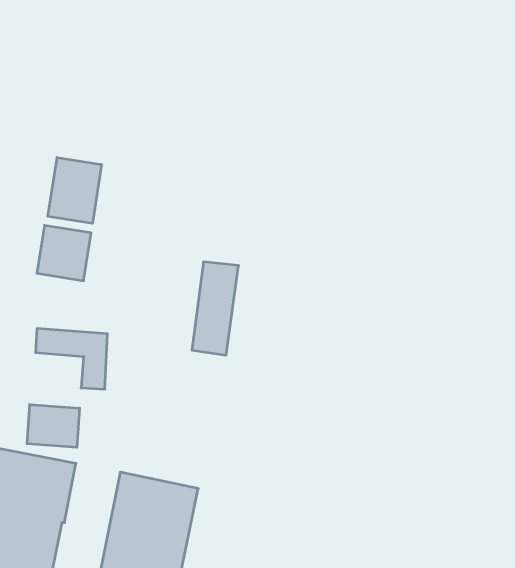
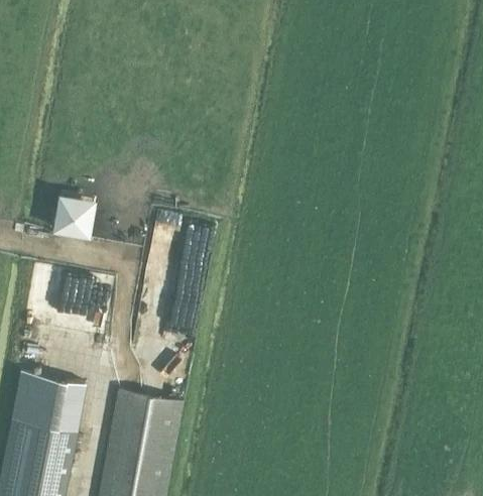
building: [48,157,101,223] -> none
building: [27,404,80,447] -> none

